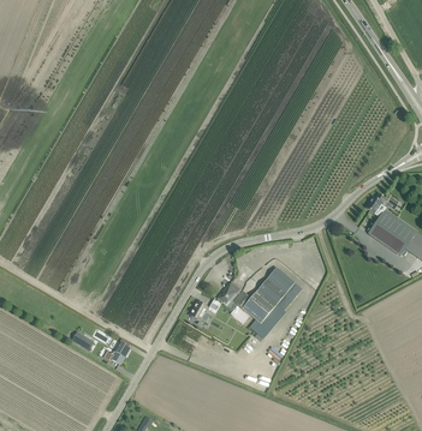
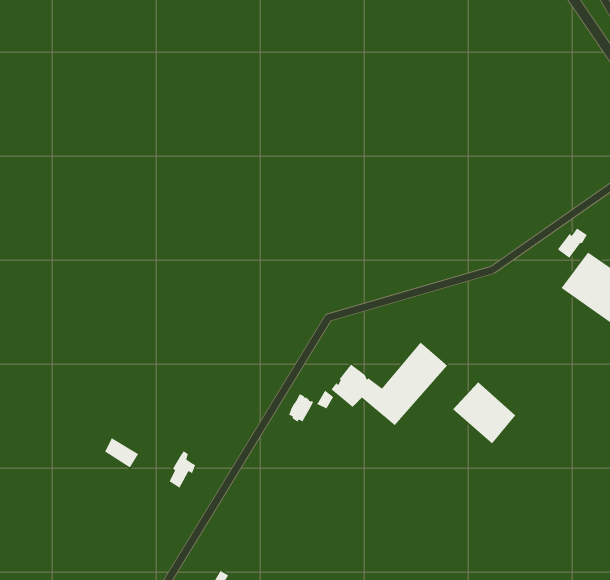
building: none -> [452,382,516,444]

